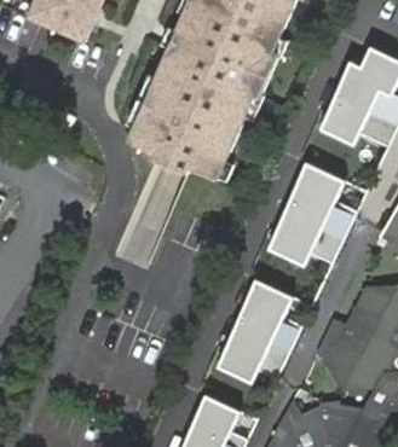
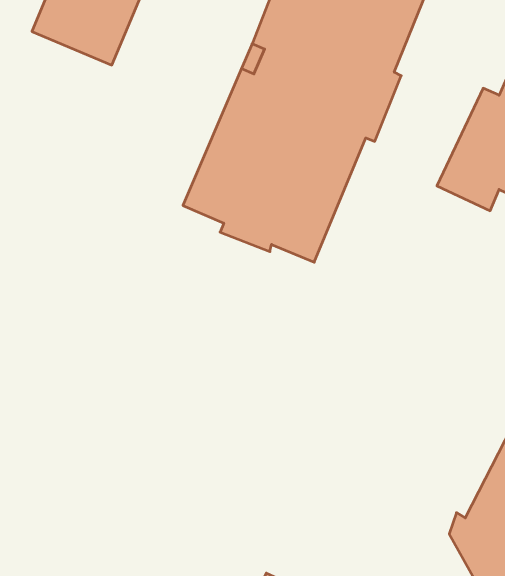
building: [264,164,354,265] -> none
building: [212,283,298,381] -> none

